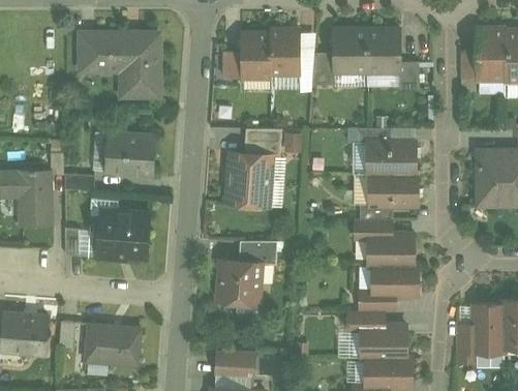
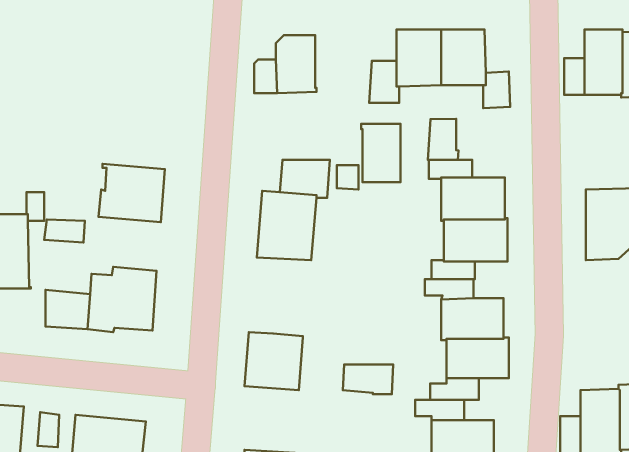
building: [269,29,299,73] -> [361,124,401,182]
building: [81,34,158,96] -> none
building: none -> [428,119,458,160]
building: [238,241,276,264] -> [343,364,393,394]

